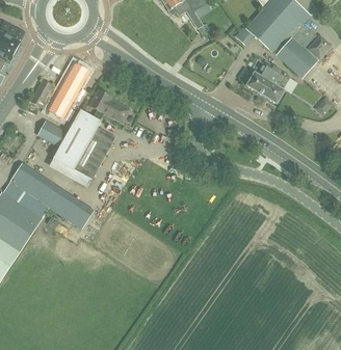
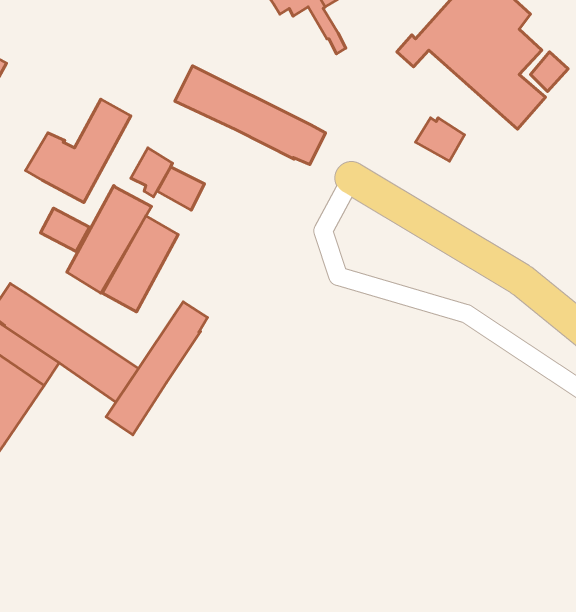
building: none -> [175,66,325,165]
building: [258,60,289,103] -> none
building: none -> [106,302,208,435]

